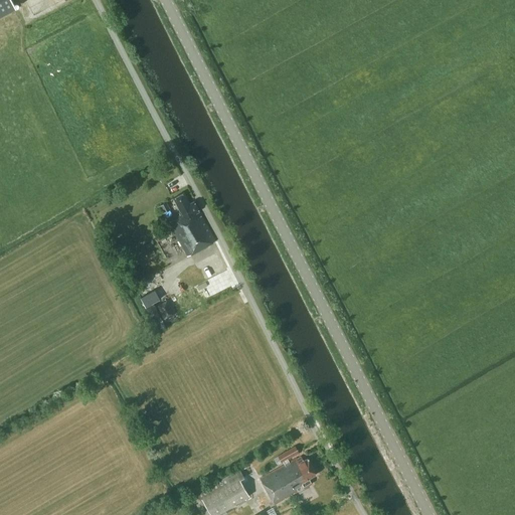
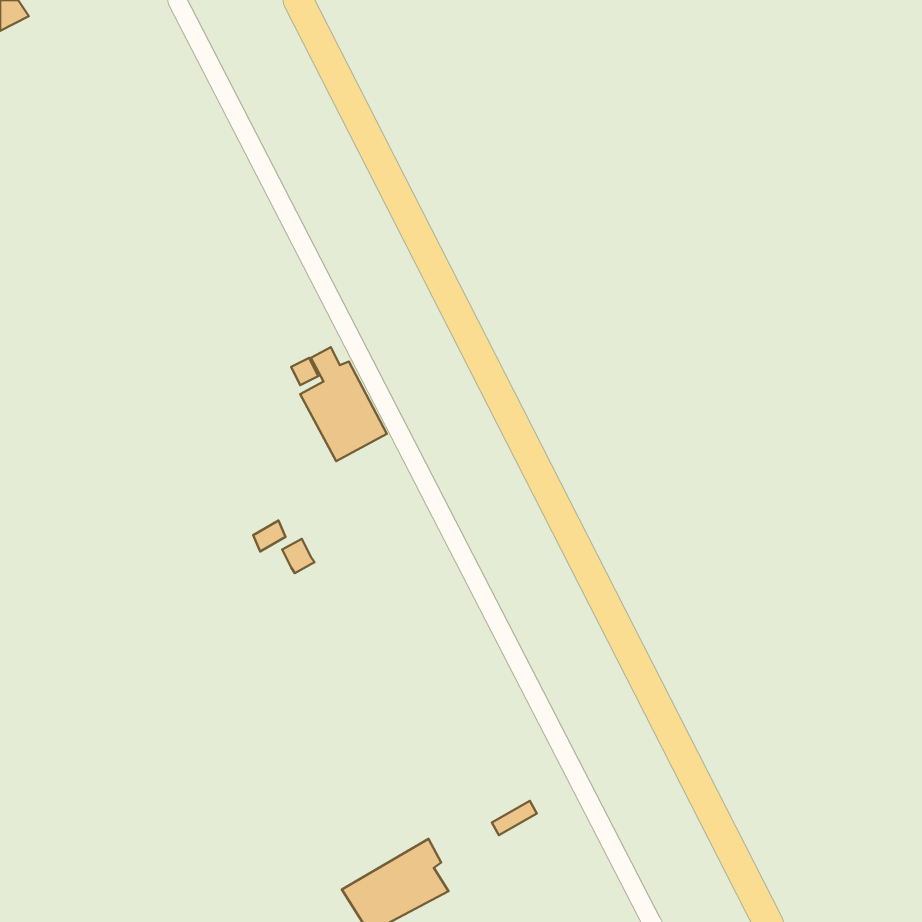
building: [262,459,317,505] -> none

